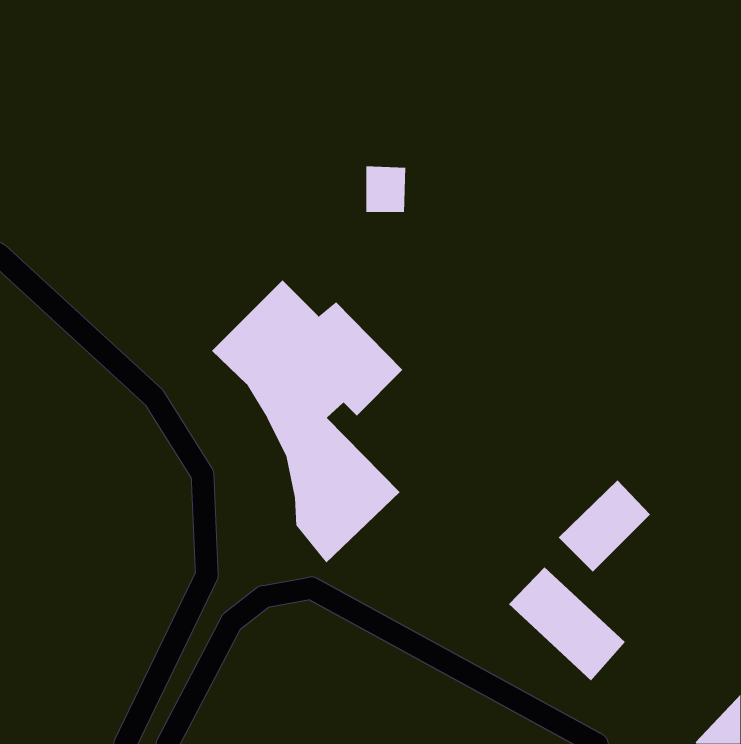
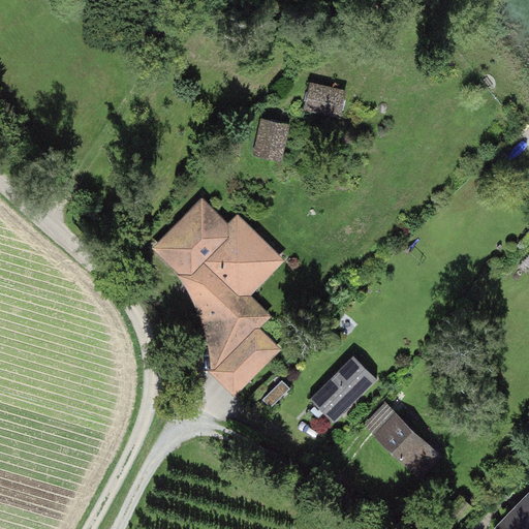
building: none -> [304,79,347,116]
building: [558,479,651,573] -> [310,357,376,424]

